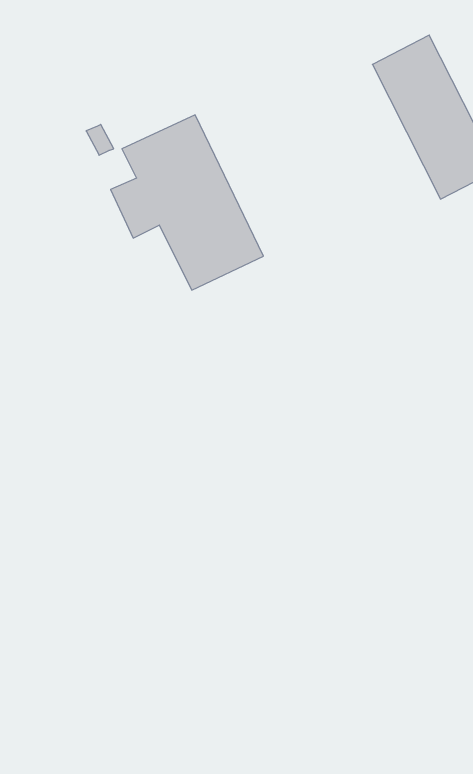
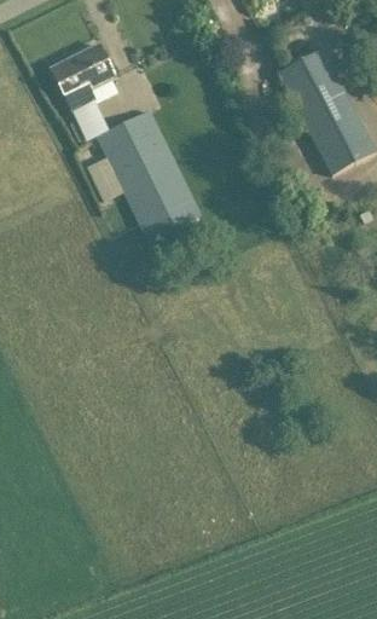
building: none -> [52,44,117,109]

